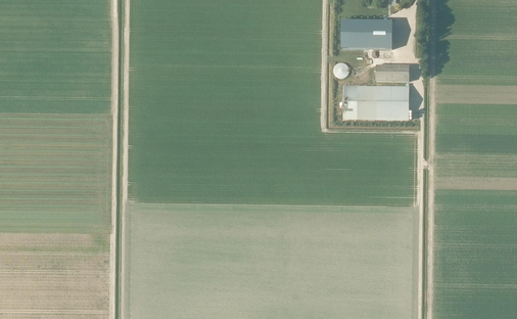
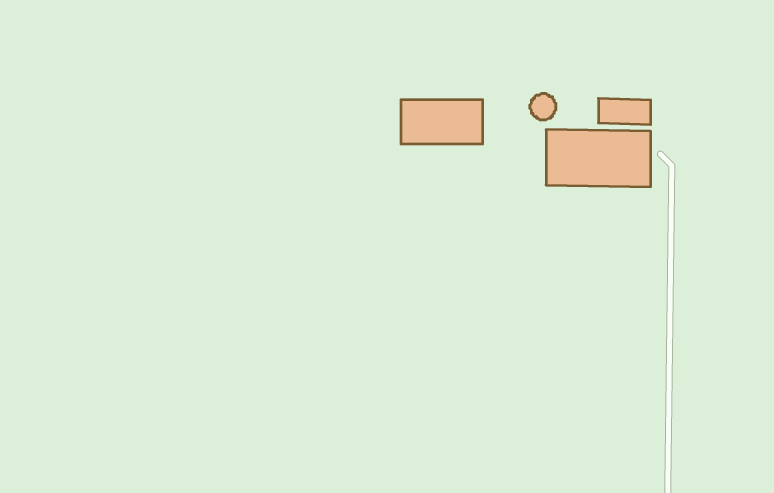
building: [341,20,392,48] -> [401,100,483,144]

